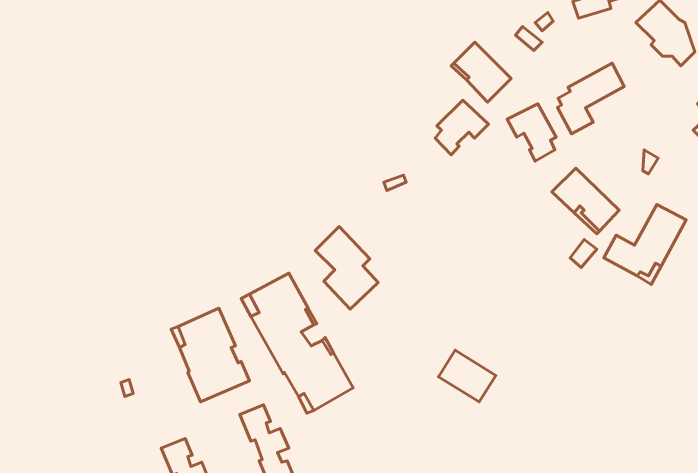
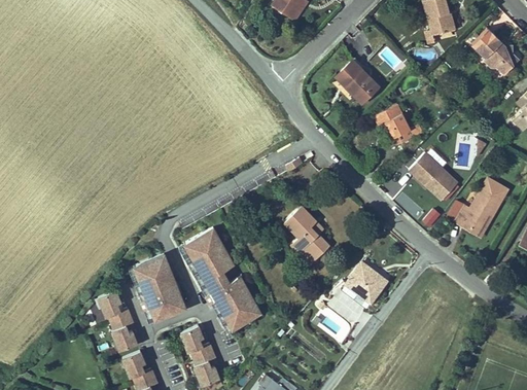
building: [557,63,624,134] -> none
building: [435,100,488,155] -> none
building: [315,227,378,309] -> [283,204,329,264]
building: none -> [344,258,390,304]
building: none -> [98,290,138,351]

